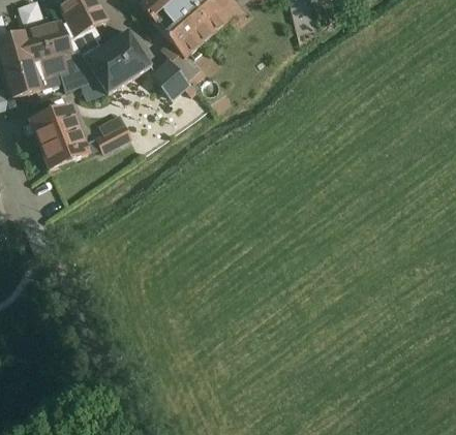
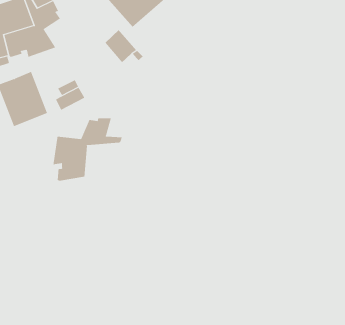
building: [85,28,152,92] -> none
building: none -> [53,118,123,181]

